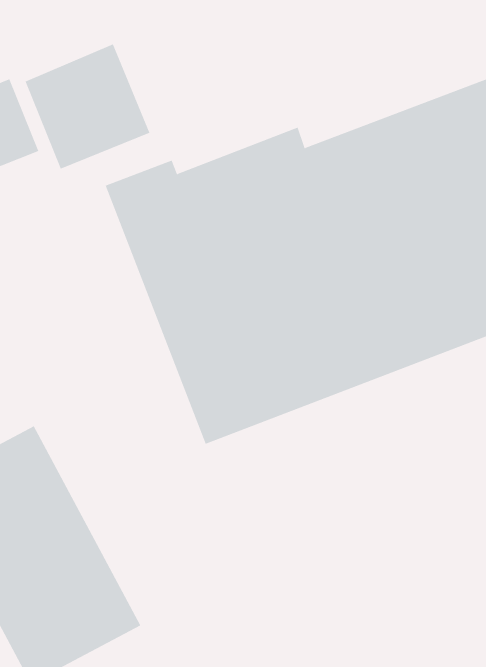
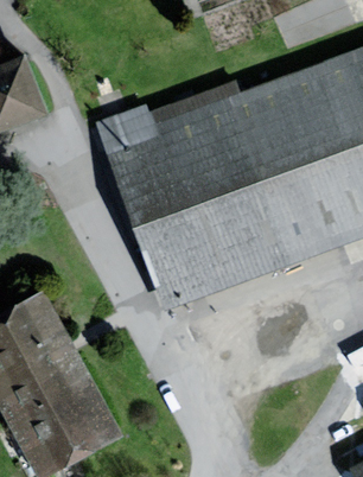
building: [25,44,150,170] -> none

